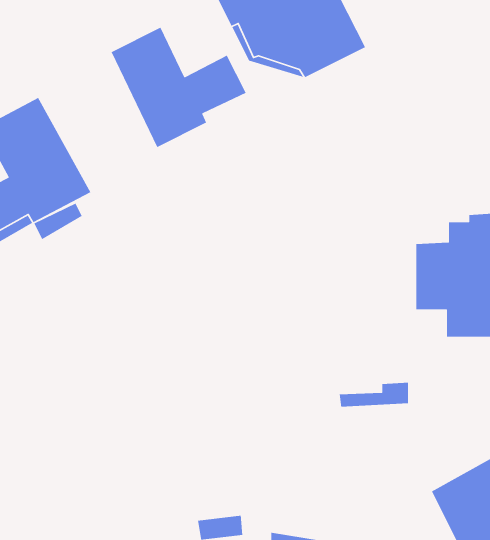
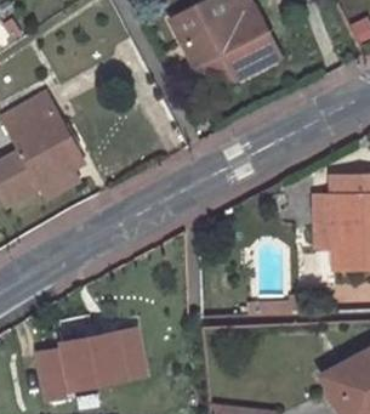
building: [111,27,247,148] -> none
building: none -> [38,328,144,401]

